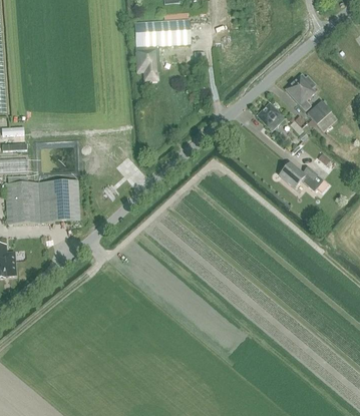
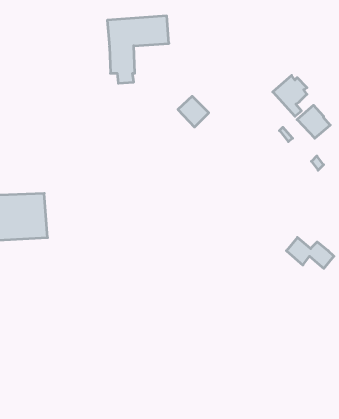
building: [257,102,285,130] -> [178,96,209,127]
building: [280,162,323,190] -> [286,237,334,268]

